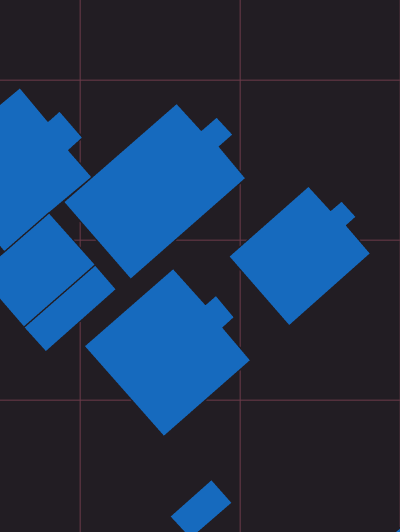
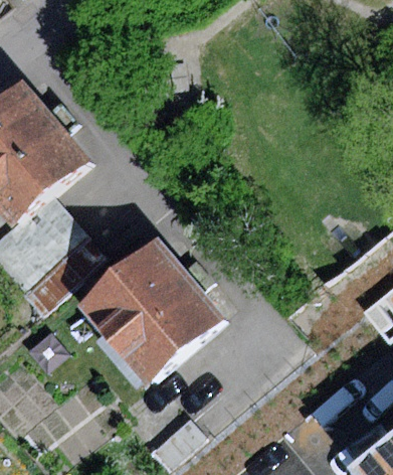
building: [64,103,246,280] -> none
building: [229,186,371,326] -> none

